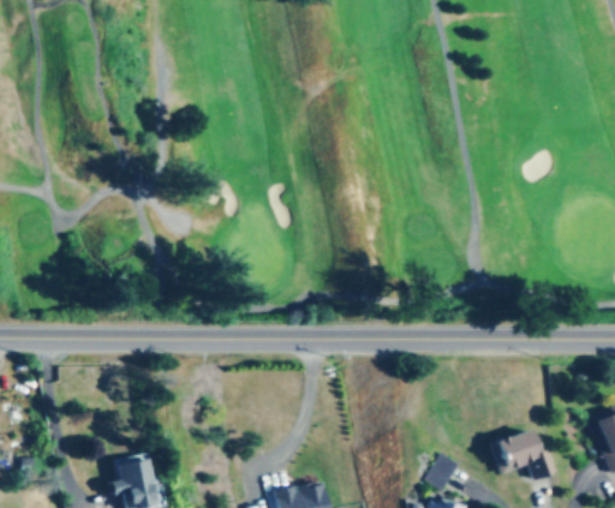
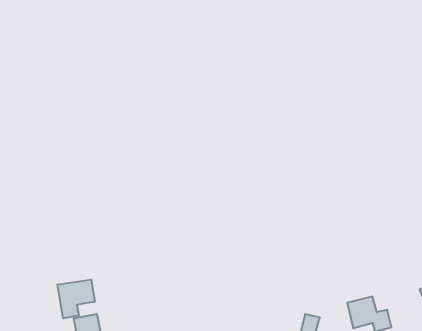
building: none -> [57,279,95,318]

